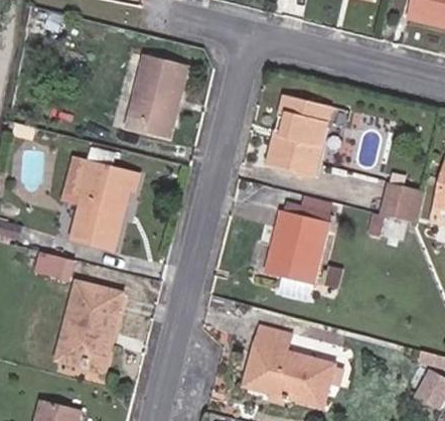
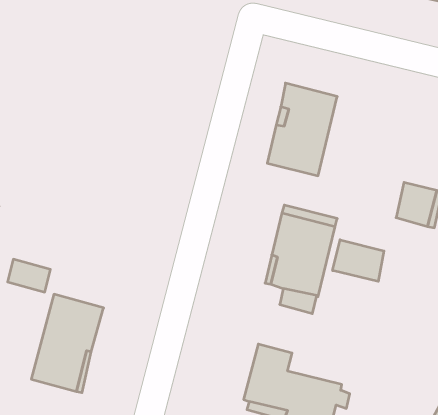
building: [127,54,186,140] -> none
building: [65,159,138,248] -> none
building: none -> [333,240,384,281]

